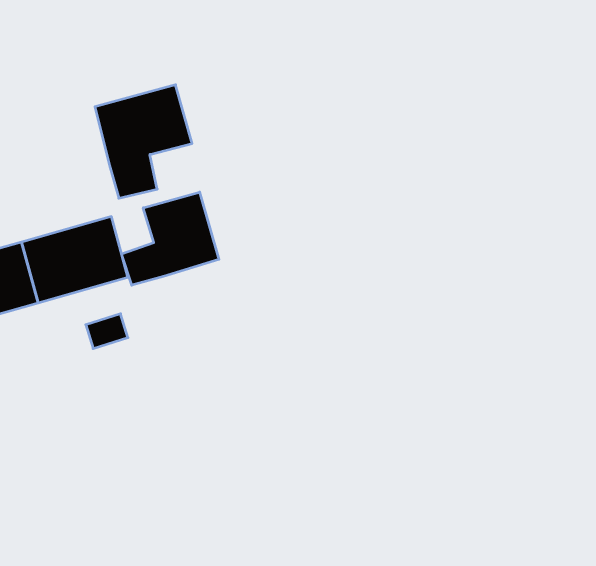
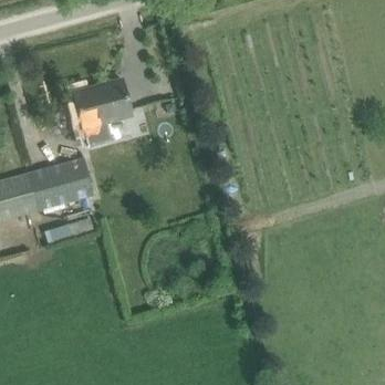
building: [122,192,219,285] -> none

